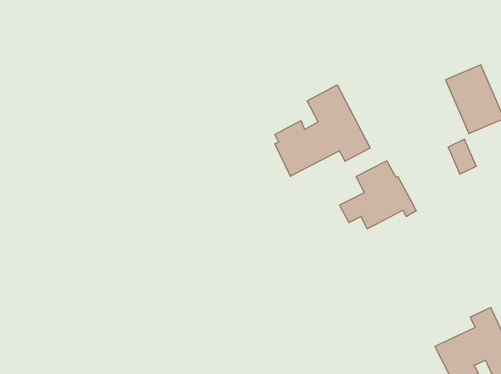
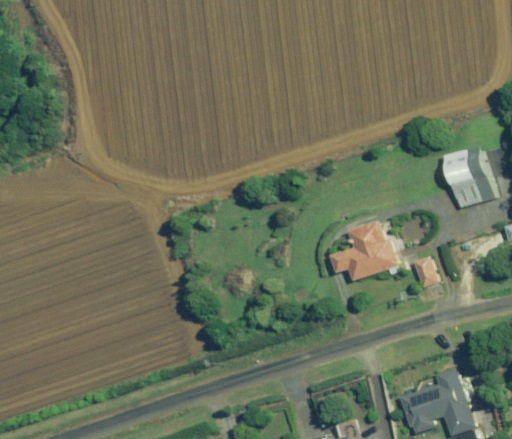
building: [275,85,370,176] -> none
building: [448,139,476,174] -> [413,256,436,287]

